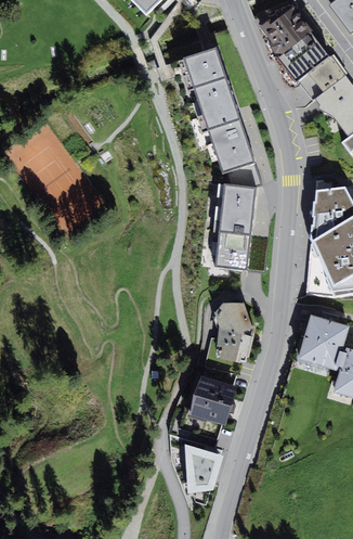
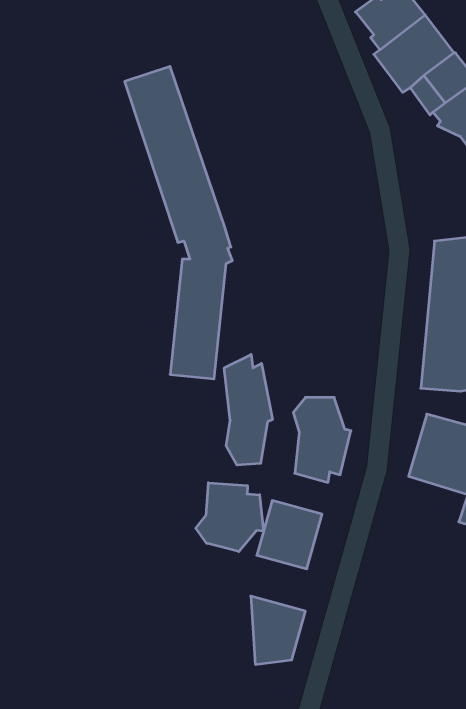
building: [183,46,260,269] -> [125,66,232,379]
building: none -> [224,354,272,465]
building: none -> [196,483,263,552]

